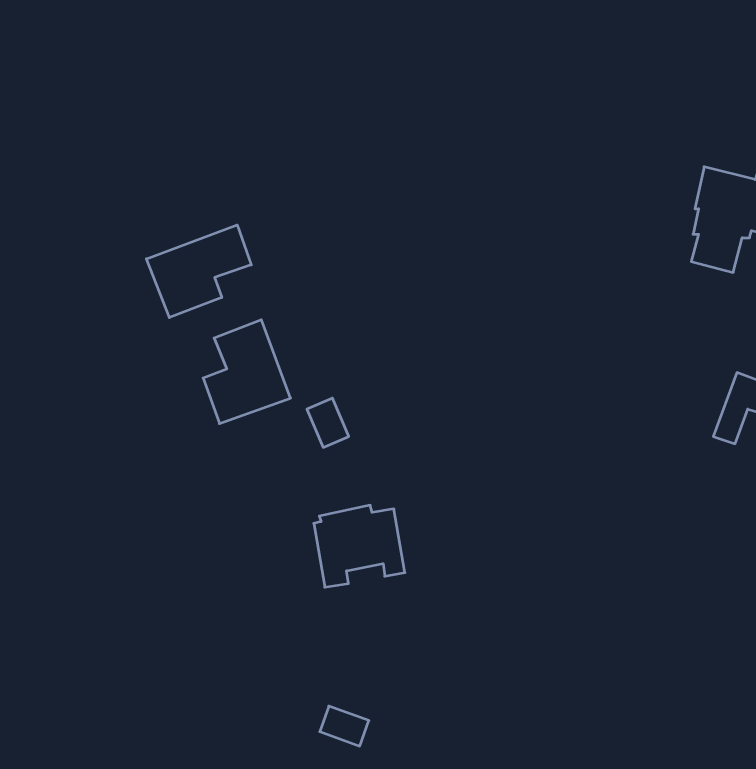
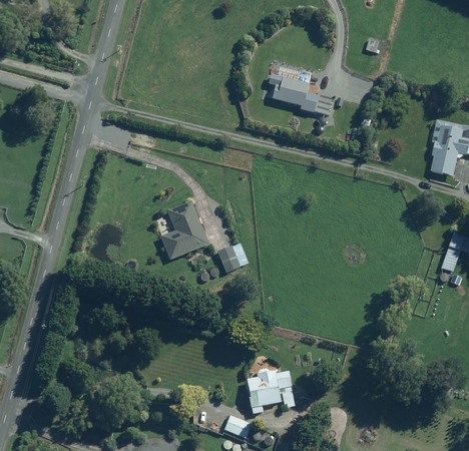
building: none -> [271,77,334,115]
building: [146,225,251,318] -> none
building: [314,505,405,587] -> [246,369,296,414]

